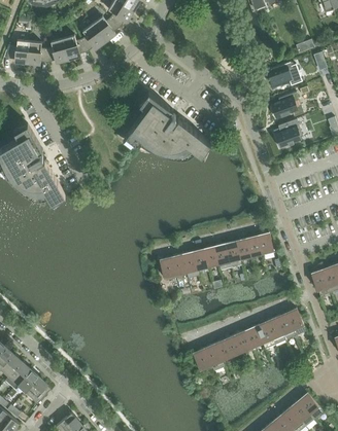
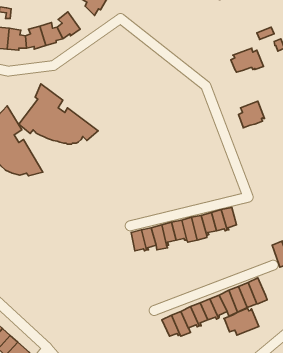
building: [92,15,121,41] -> none
building: [125,92,210,156] -> [19,84,98,144]
building: [271,92,303,117] -> none
building: none -> [224,308,259,335]

